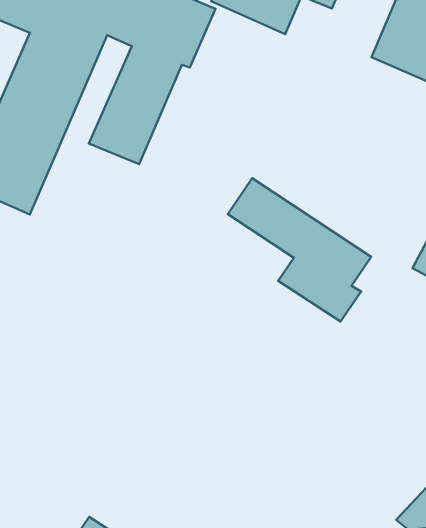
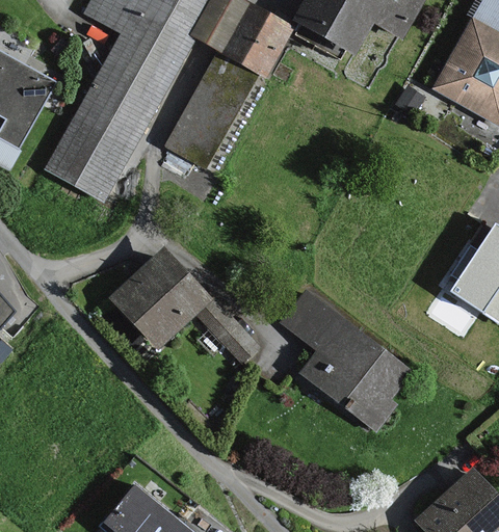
building: [228,178,371,322] -> [281,289,410,430]
building: none -> [107,248,255,362]

